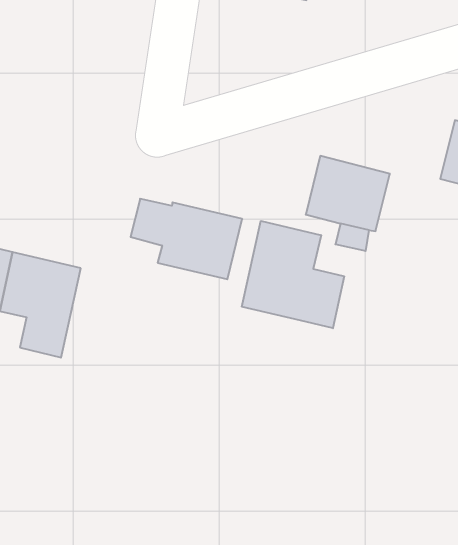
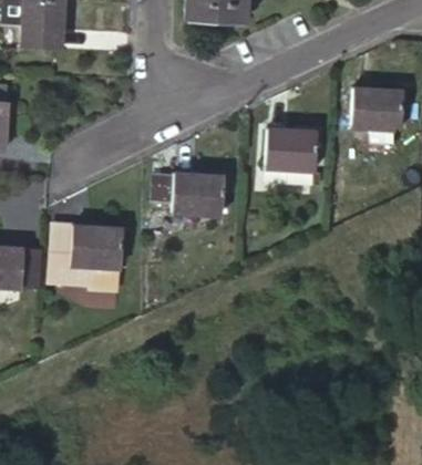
building: [242,221,344,328] -> none

